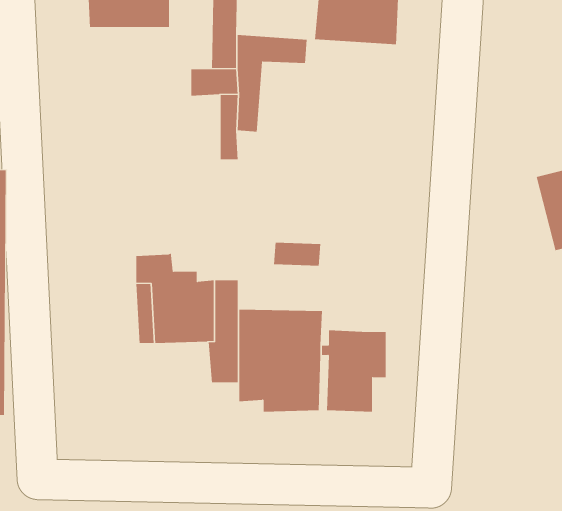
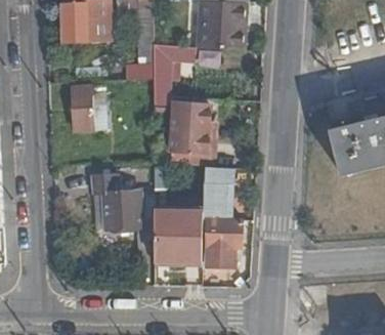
building: none -> [72,86,102,131]
building: none -> [152,102,210,164]
building: none -> [202,183,227,229]

